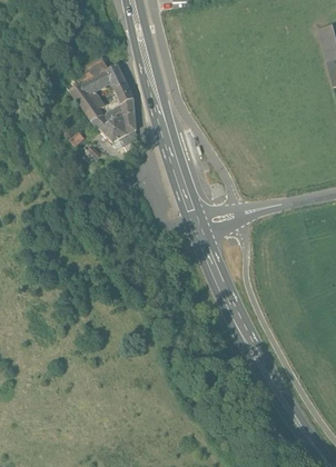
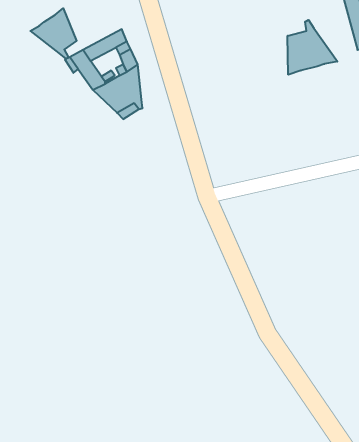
building: none -> [30,8,77,59]
building: none -> [288,20,337,75]

